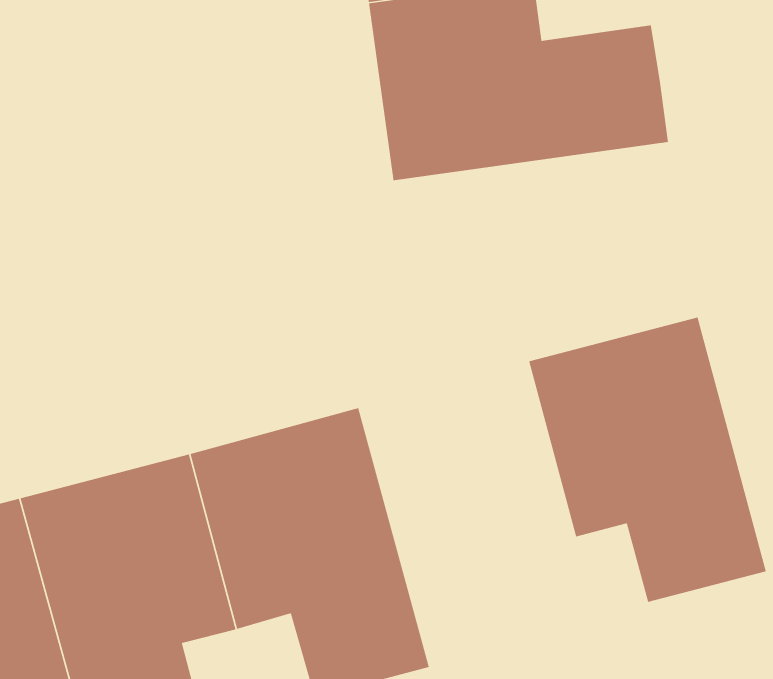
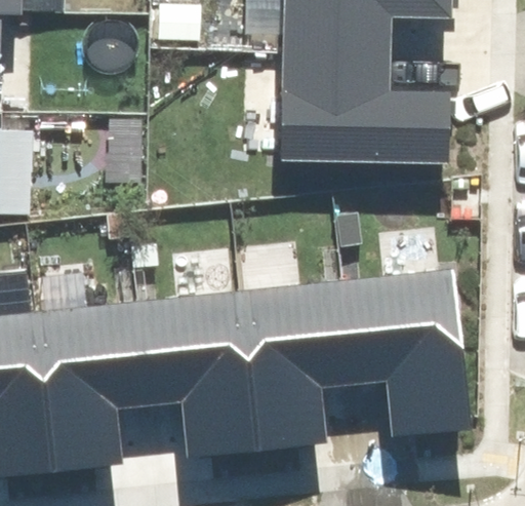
building: none -> [242,278,357,449]

